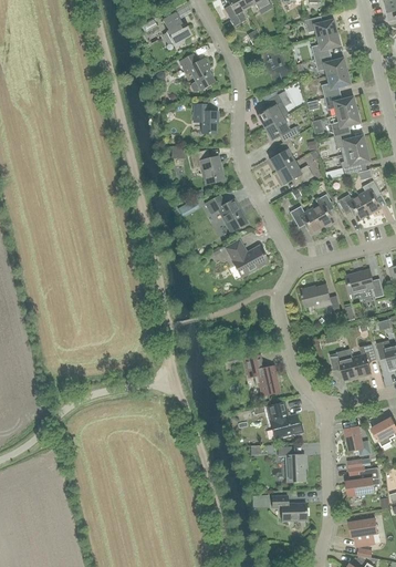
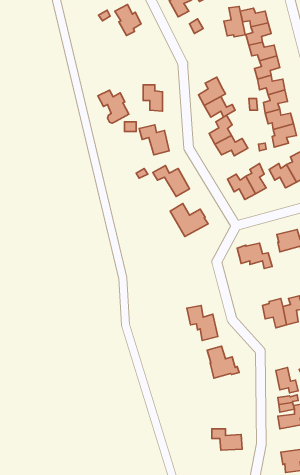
building: none -> [224,6,245,37]
building: [179,54,215,92] -> [98,90,129,123]
building: [278,446,304,482] -> none

